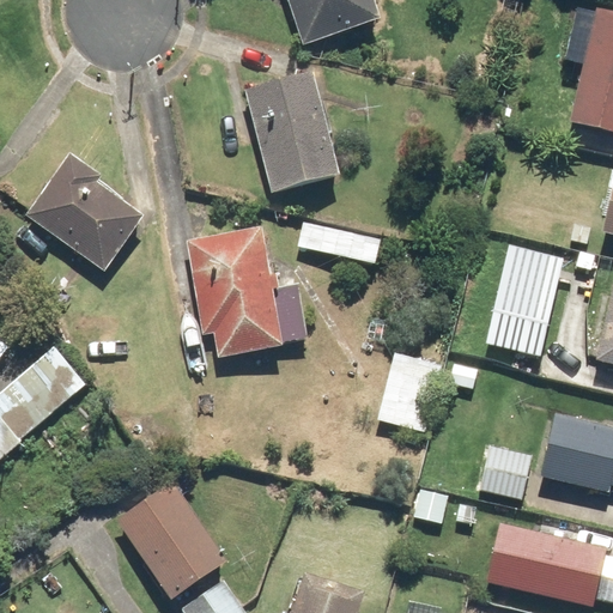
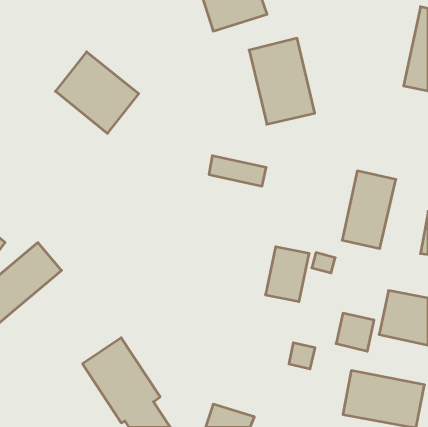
building: [245,71,339,193] -> [249,38,315,124]
building: [25,156,144,272] -> [55,52,139,133]
building: [189,224,305,358] -> none

